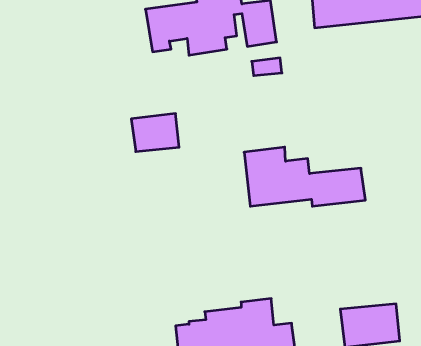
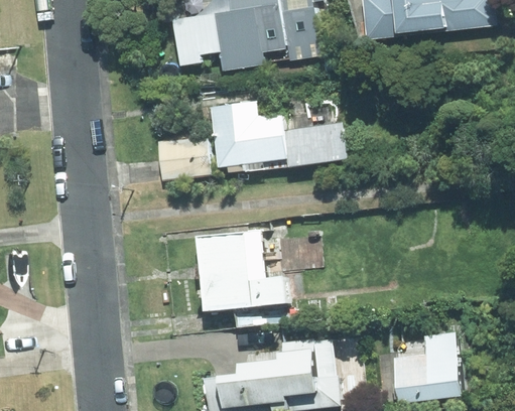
building: [244,147,365,206] -> [210,98,348,165]
building: none -> [199,233,290,311]

